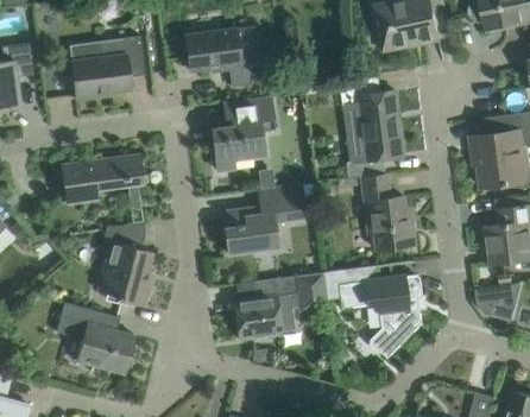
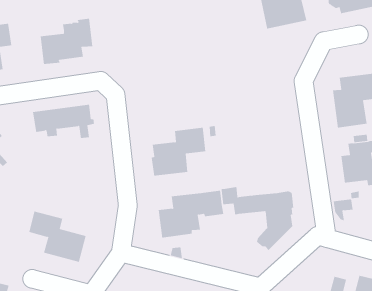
building: [185,26,263,87] -> none
building: [342,77,403,162] -> none
building: [212,97,273,171] -> none
building: [359,175,415,251] -> none
building: [101,222,152,307] -> none

